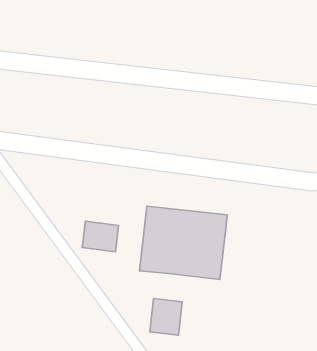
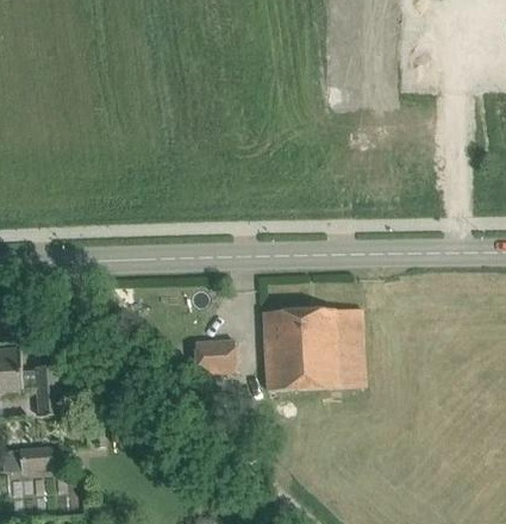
building: [150,298,182,335] -> none

